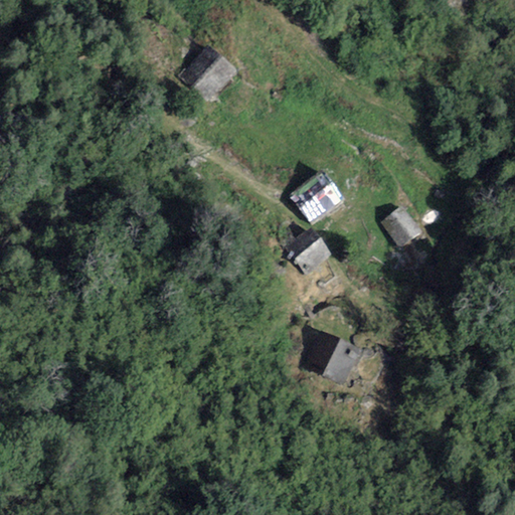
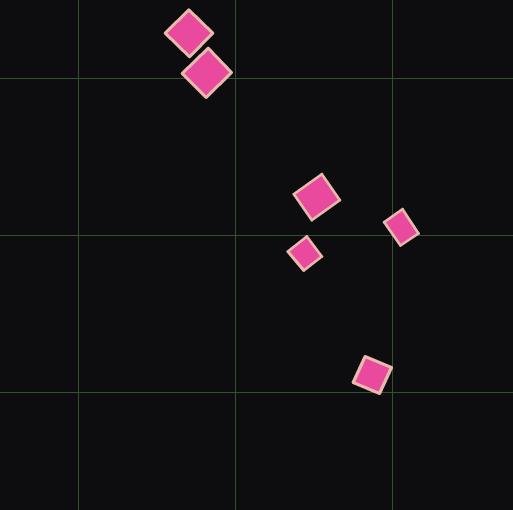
building: none -> [165,10,213,57]
building: [315,340,353,377] -> [353,356,391,394]

